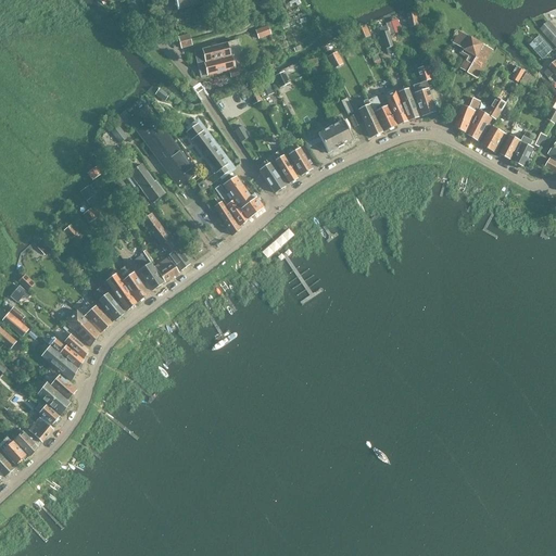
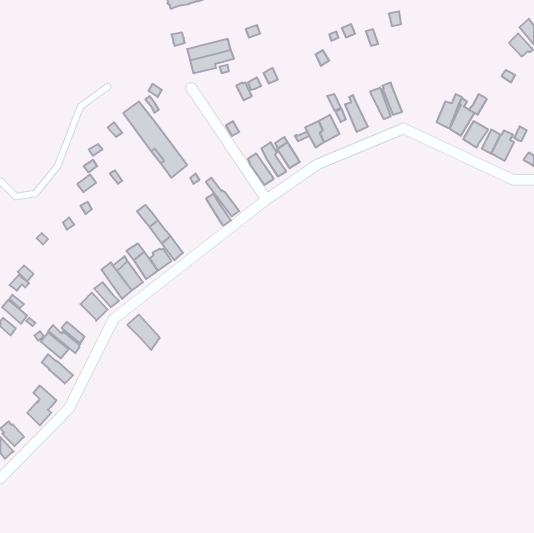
building: [452,30,493,78] -> none
building: [412,65,434,115] -> none
building: [368,96,396,131] -> none
building: [186,124,228,177] -> none
building: [126,165,164,202] -> none
building: [222,176,264,219] -> none
building: [65,309,99,346] -> [127,315,160,350]
building: [37,382,71,414] -> none

